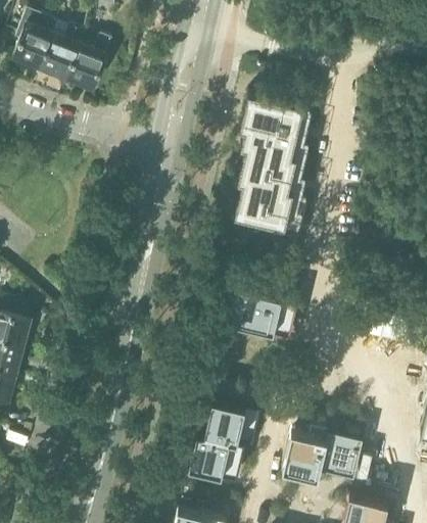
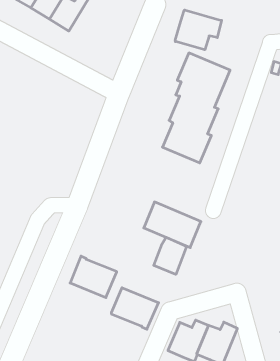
building: none -> [175,10,222,50]
building: none -> [154,237,187,274]
building: [189,437,245,484] -> [70,256,117,298]

